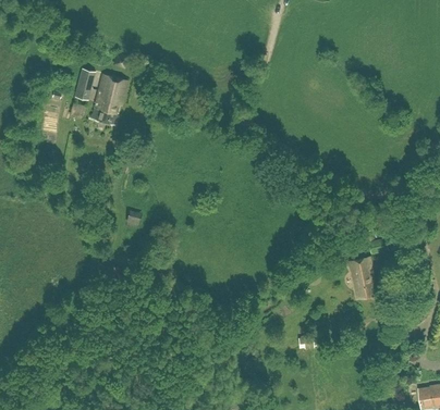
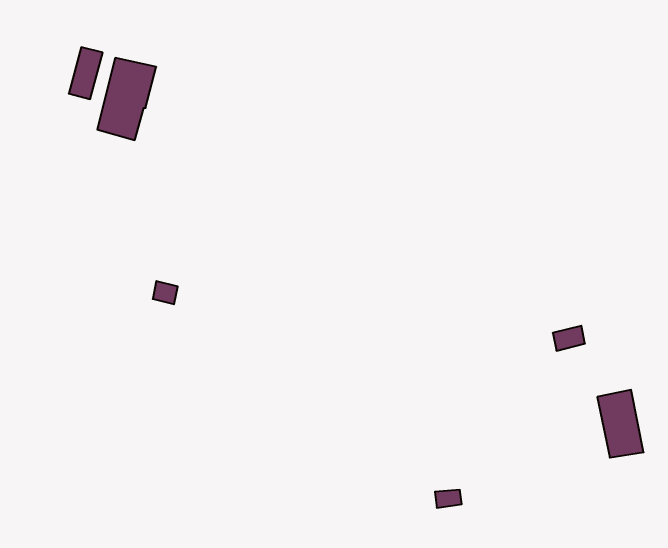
building: [349,257,377,298] -> [597,390,644,458]

